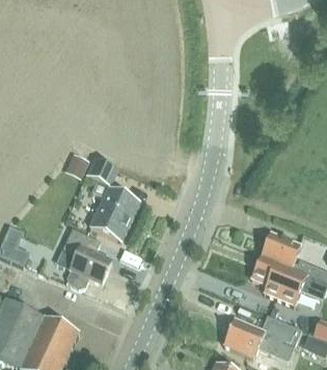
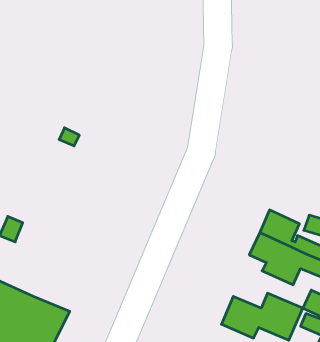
building: [84,156,137,240] -> none
building: [59,228,109,288] -> none

